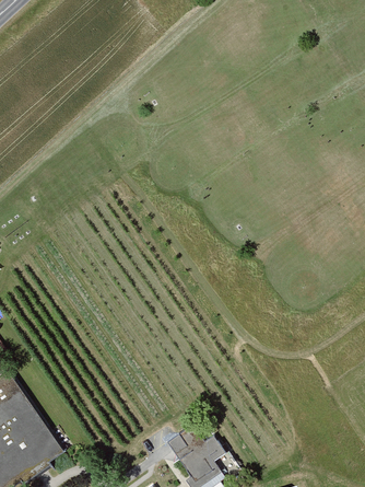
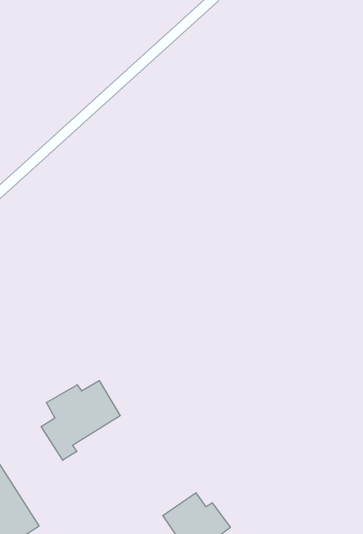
building: none -> [41,381,120,460]

